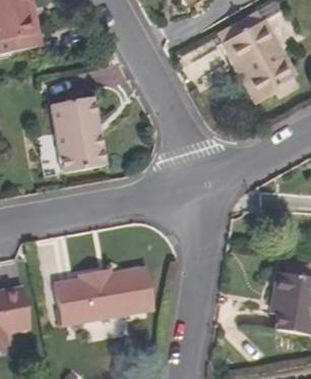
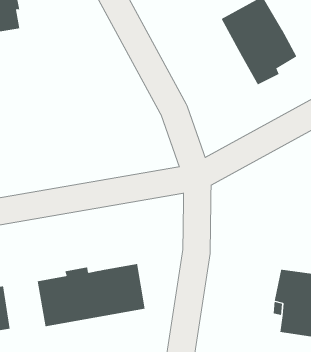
building: [51,96,105,171] -> none

